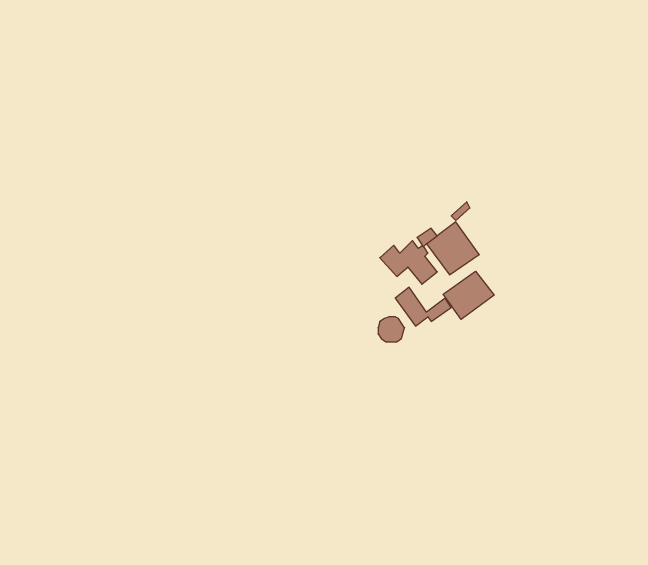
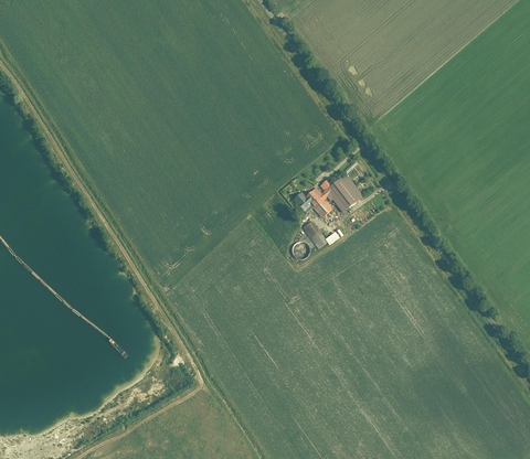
building: [443,271,494,319] -> none

